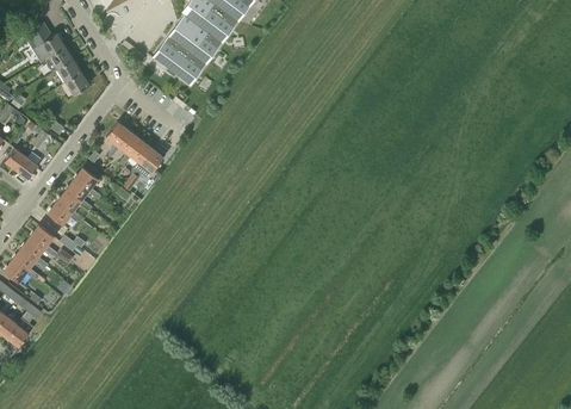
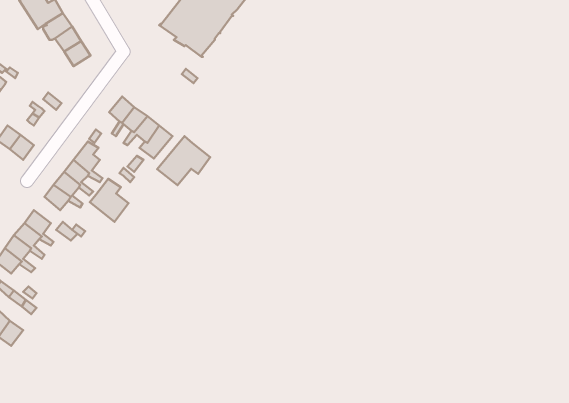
building: none -> [157,136,210,185]
building: none -> [90,179,128,222]

